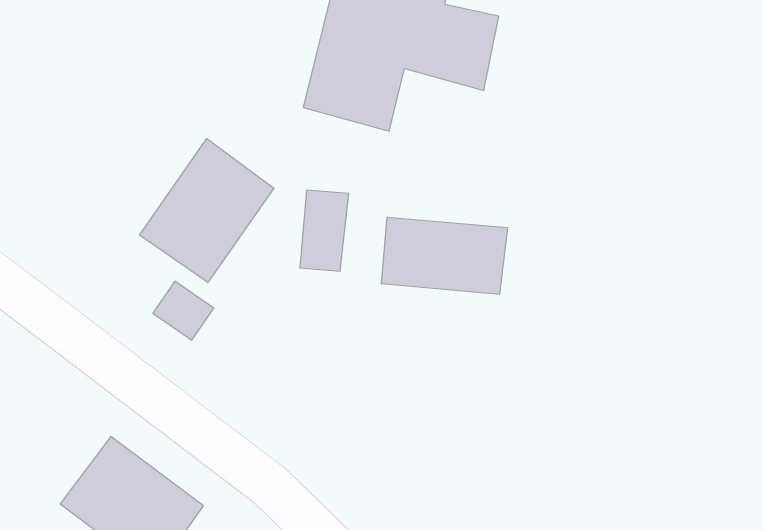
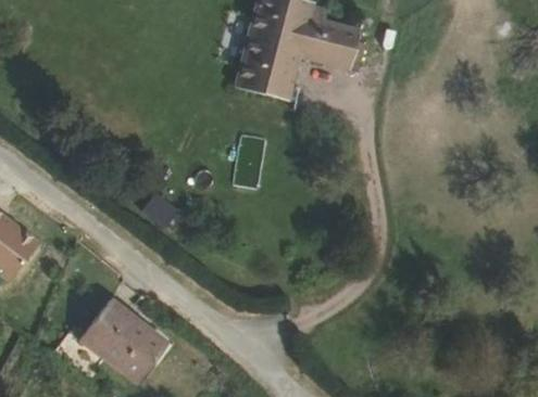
building: [140,139,274,283] -> none
building: [381,217,508,294] -> none

